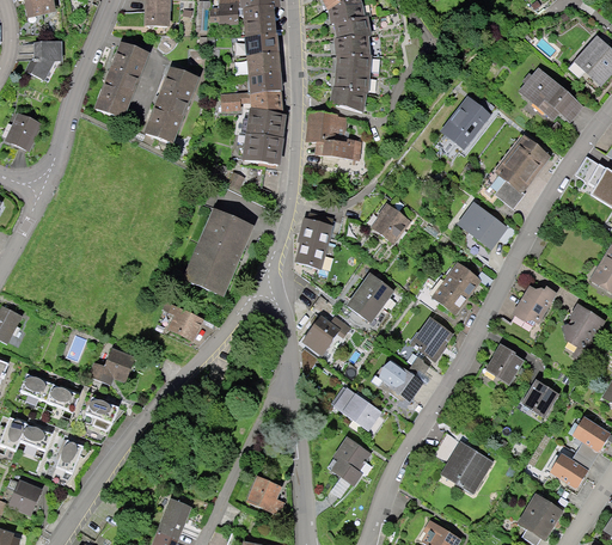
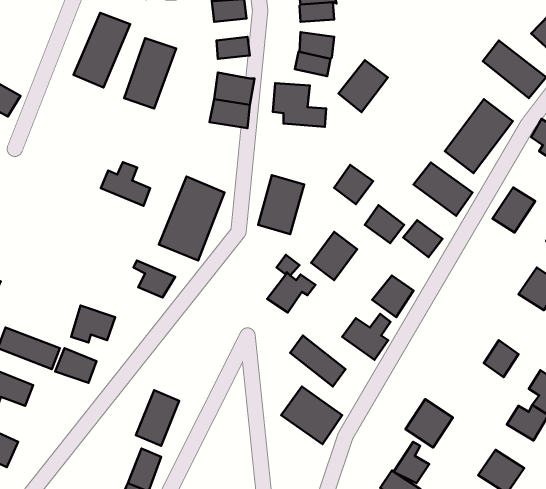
building: [30,44,68,84] -> none
building: [244,49,279,72] -> none
building: [333,50,371,68] -> none
building: [219,87,281,111] -> none
building: [440,93,491,147] -> [338,60,388,112]
building: none -> [101,162,150,206]
building: [426,276,466,316] -> [365,205,404,243]
building: [513,278,557,325] -> [493,187,535,232]
building: [485,348,526,386] -> none
building: none -> [136,390,179,446]
building: [54,436,81,471] -> none
building: [249,478,284,510] -> none
building: none -> [393,442,429,483]

